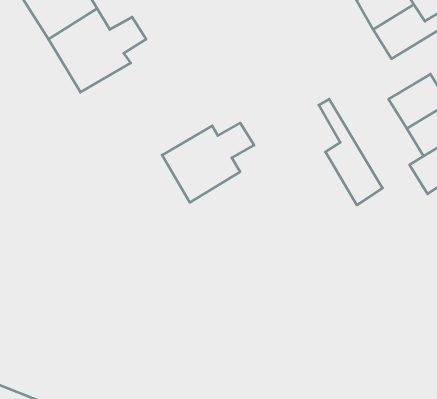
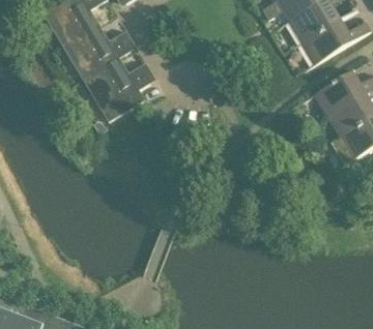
building: [319,99,383,205] -> none
building: [162,123,254,202] -> [85,62,153,121]

